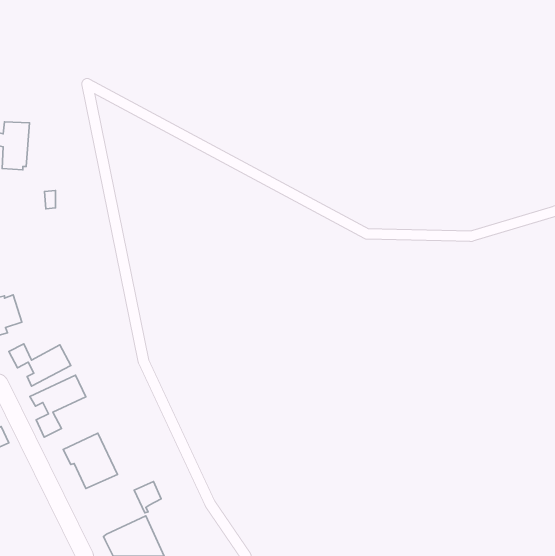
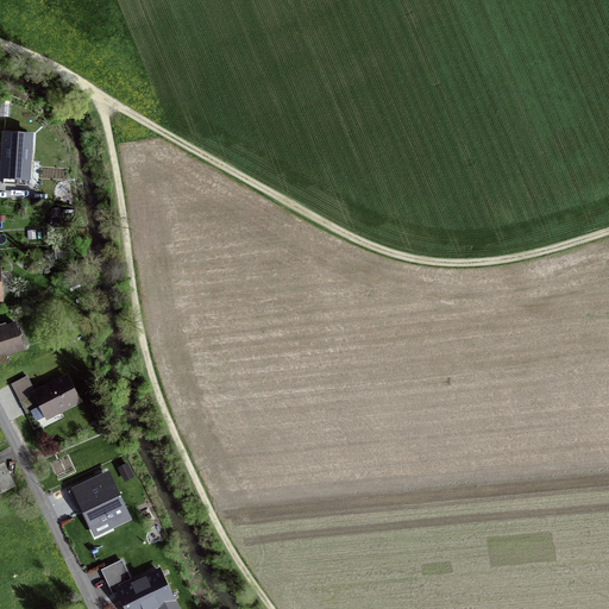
building: [30,375,86,437] -> none
building: [134,481,161,513] -> [100,558,130,592]

